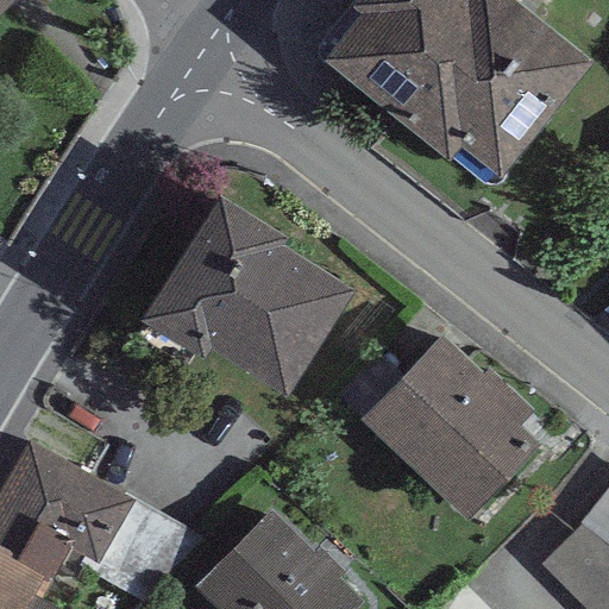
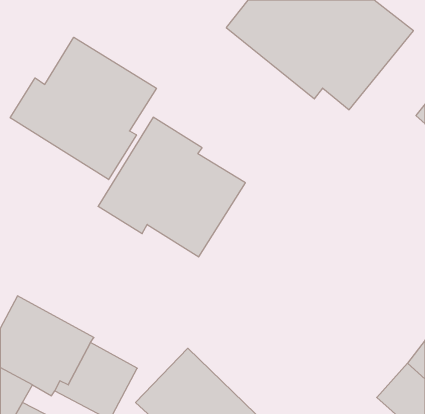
building: none -> [10,37,156,180]
building: [359,335,539,522] -> none

